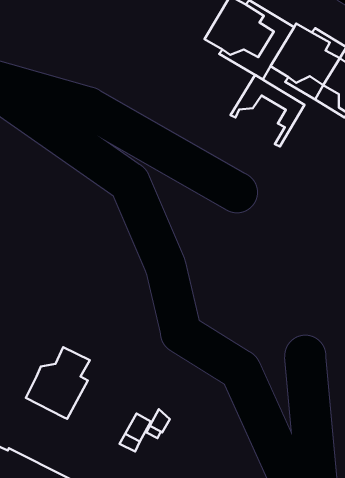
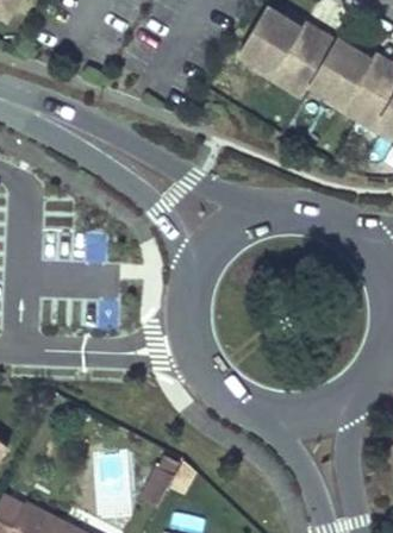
building: [231,75,305,146] -> none
building: [26,347,90,419] -> none

